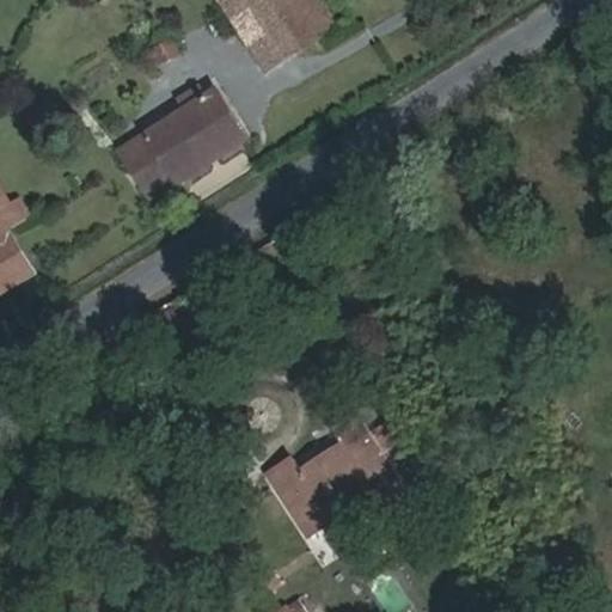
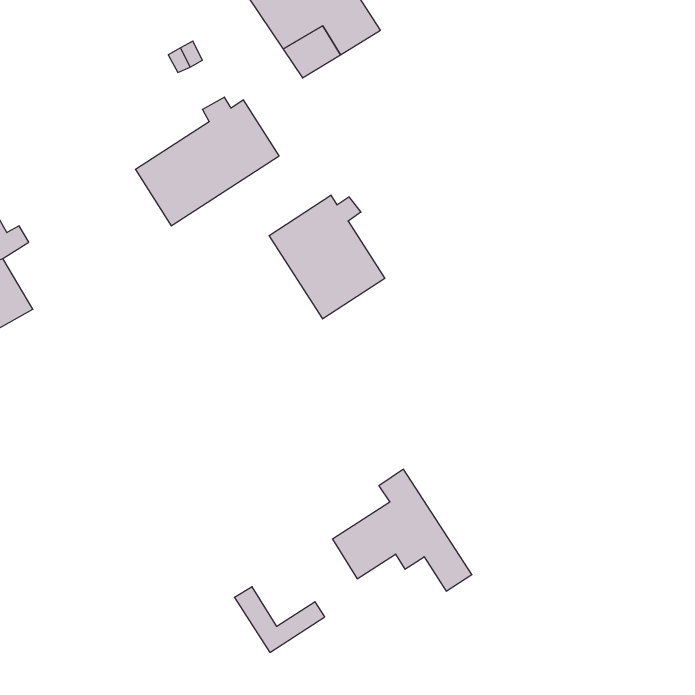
building: none -> [269,195,385,319]
building: [275,471,354,528] -> [234,587,325,652]

